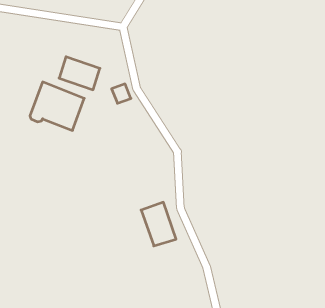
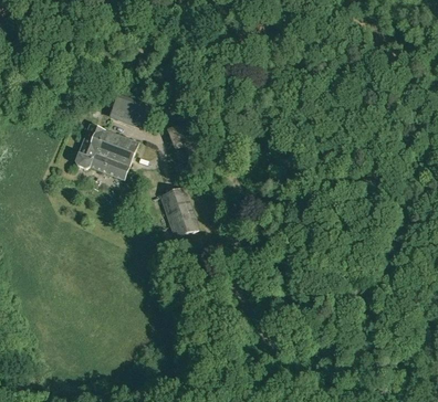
building: [141,202,176,246] -> [159,187,199,236]

